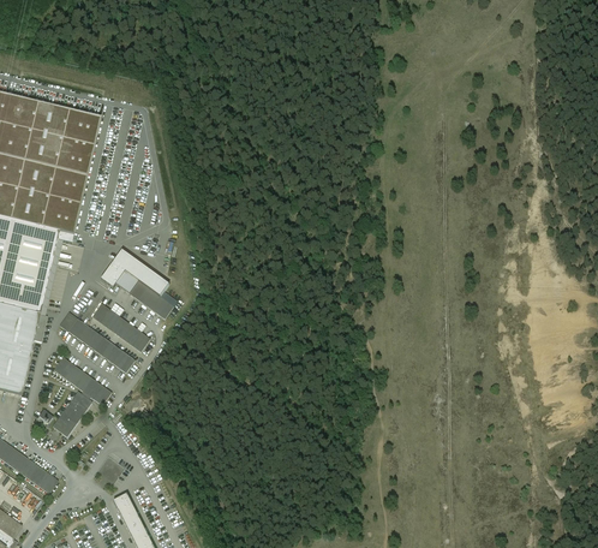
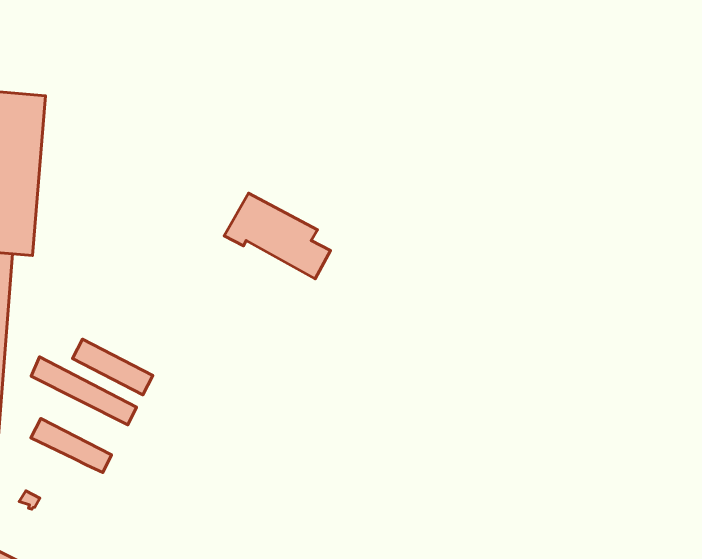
building: [98,246,175,317] -> [224,193,330,279]
building: [50,389,89,434] -> none

